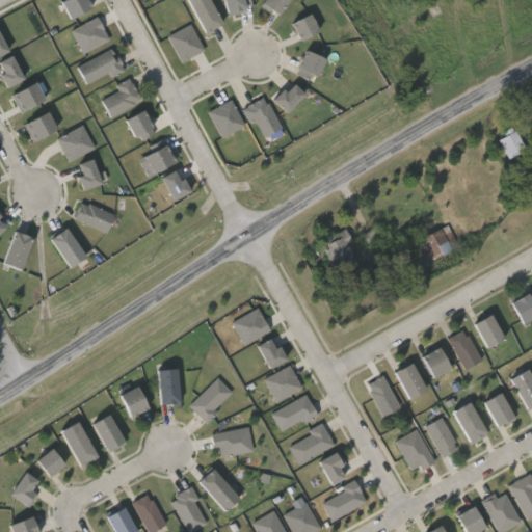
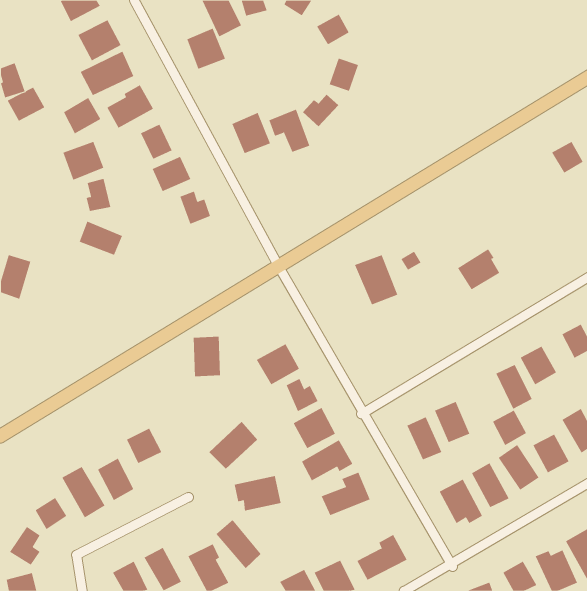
building: [24,107,58,140] -> [63,97,101,134]
building: [49,225,82,263] -> none
building: [419,345,450,377] -> [492,410,527,446]
building: [157,367,182,403] -> [193,336,221,377]
building: [322,452,349,486] -> none

